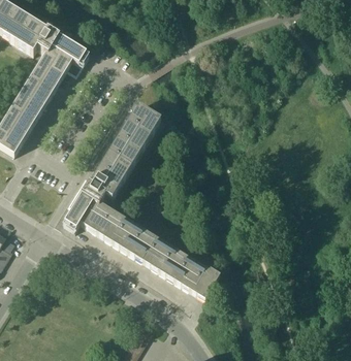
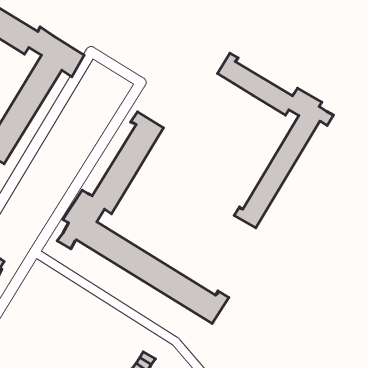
building: none -> [217,53,334,228]

